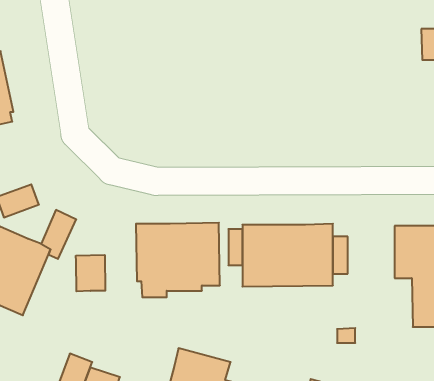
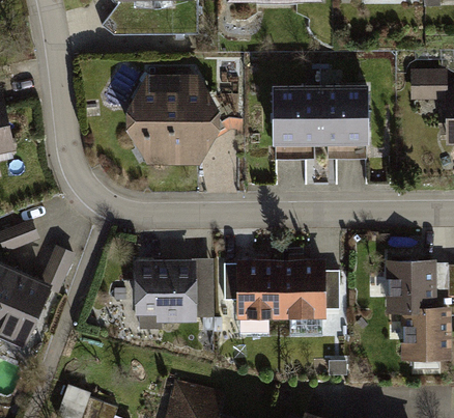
building: none -> [124,75,218,165]
building: none -> [269,82,371,145]
building: [76,255,105,291] -> none

